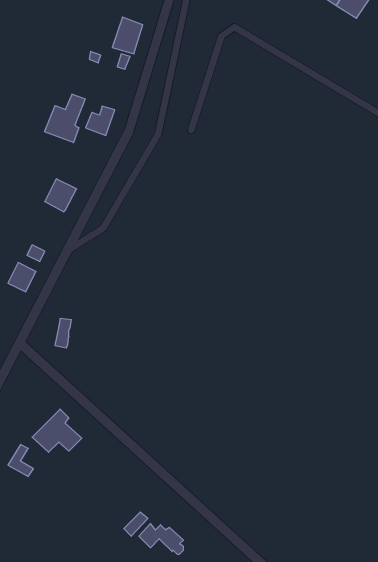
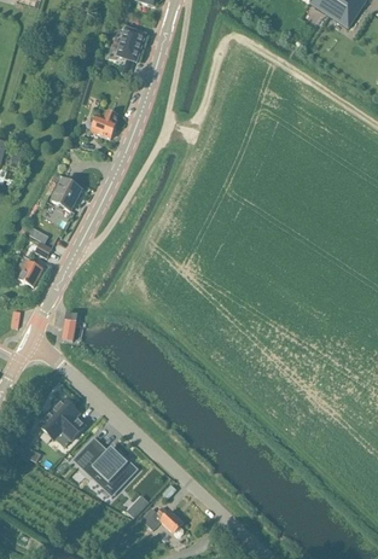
building: [45,94,85,143] -> none
building: none -> [72,437,138,491]

